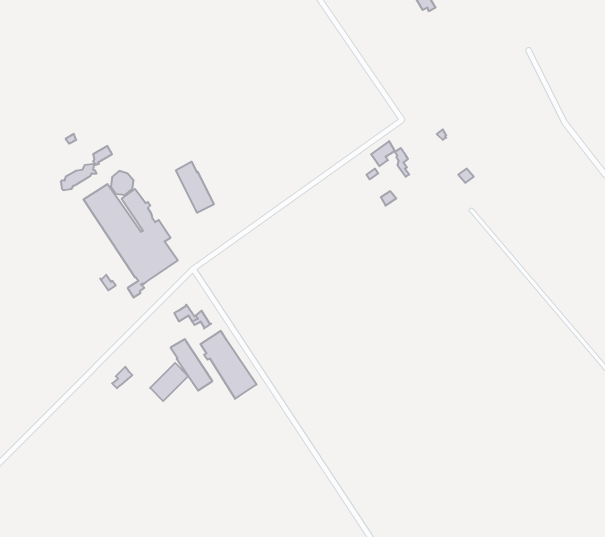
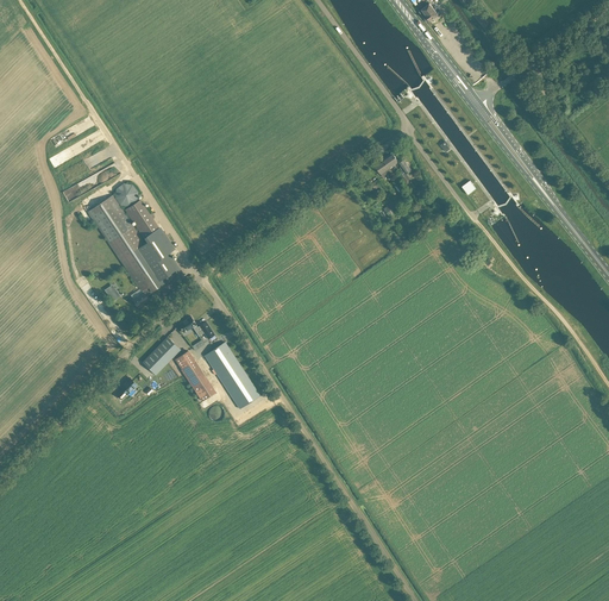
building: [176,162,214,213] -> none
building: [150,363,188,401] -> [142,337,180,375]

